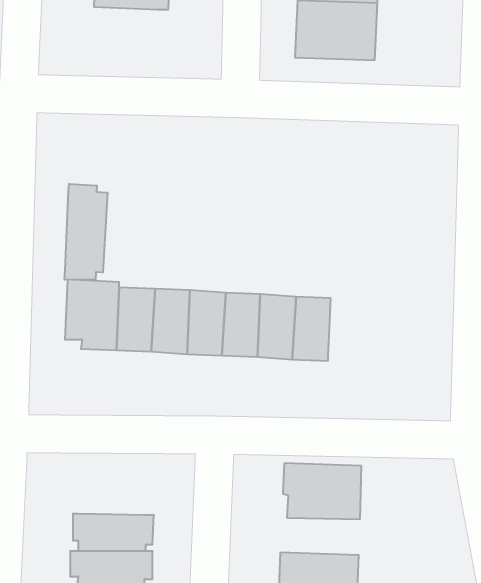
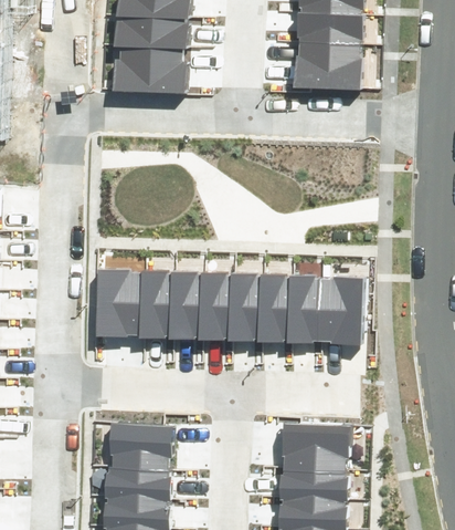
building: none -> [124,45,179,92]
building: [65,184,108,280] -> none
building: none -> [320,288,366,337]
building: none -> [108,425,176,468]
building: none -> [281,470,347,501]

